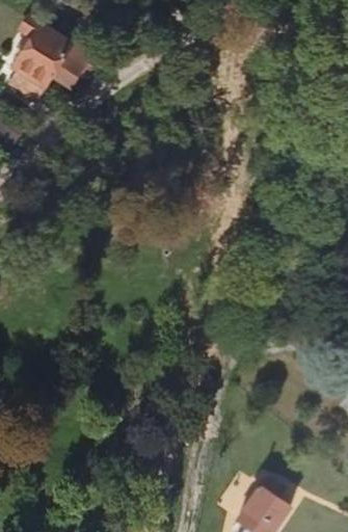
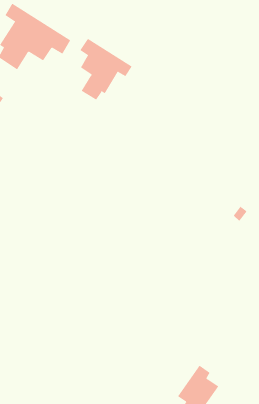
building: none -> [80,38,132,101]

